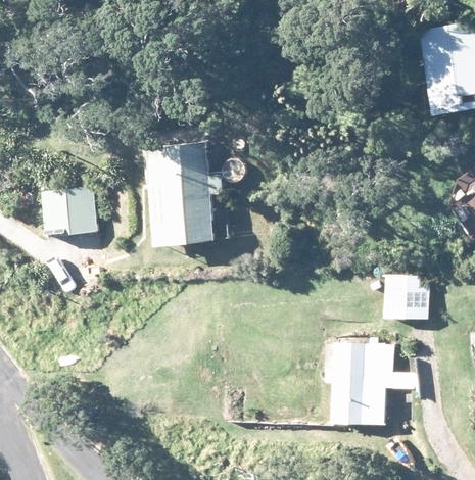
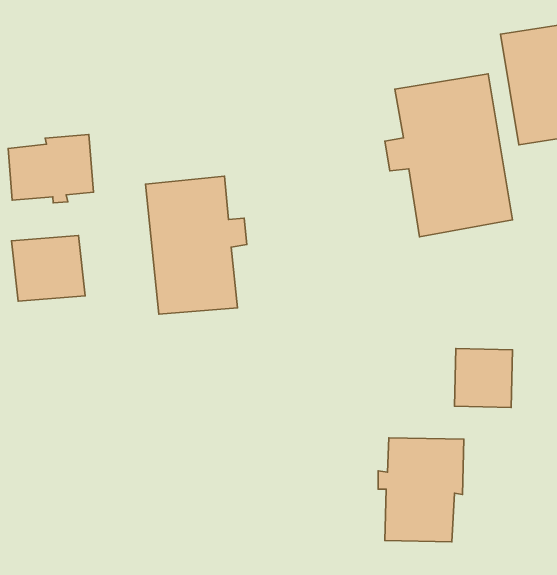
building: none -> [385,74,512,237]
building: none -> [8,134,93,203]

